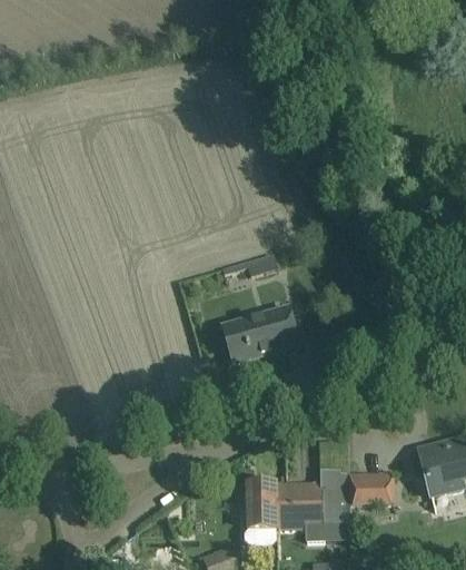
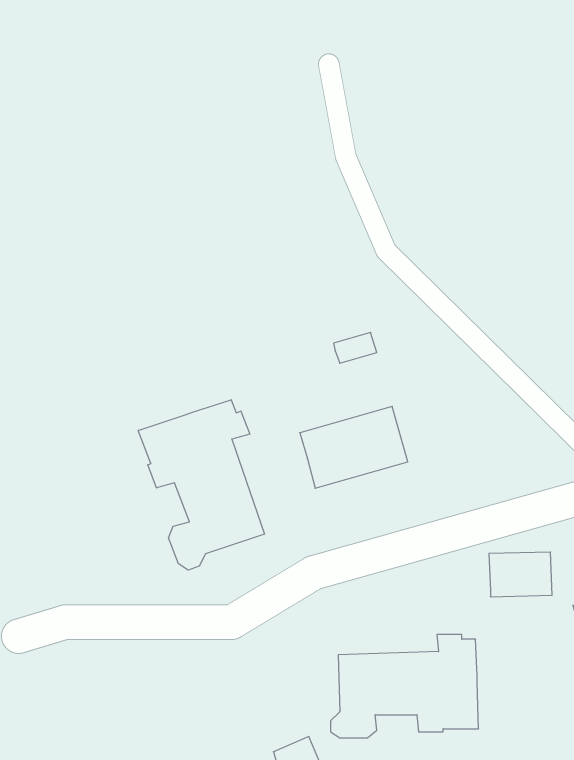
building: none -> [138,400,264,570]
building: [347,472,393,504] -> [489,552,552,597]

